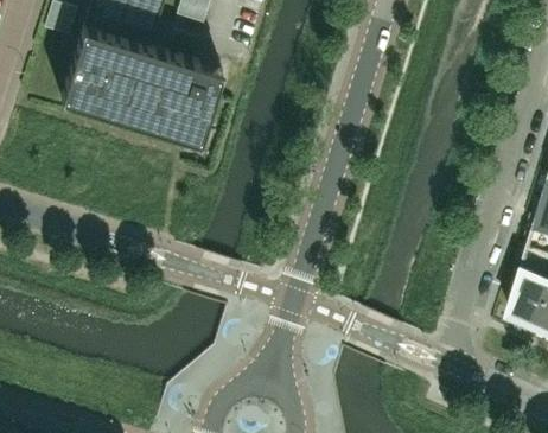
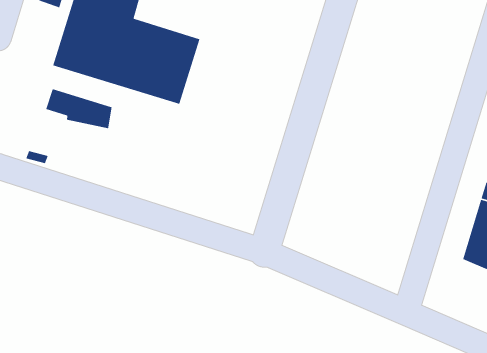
building: none -> [45,88,112,129]

